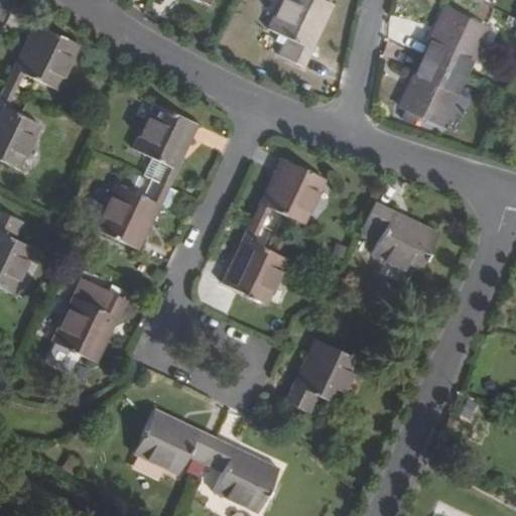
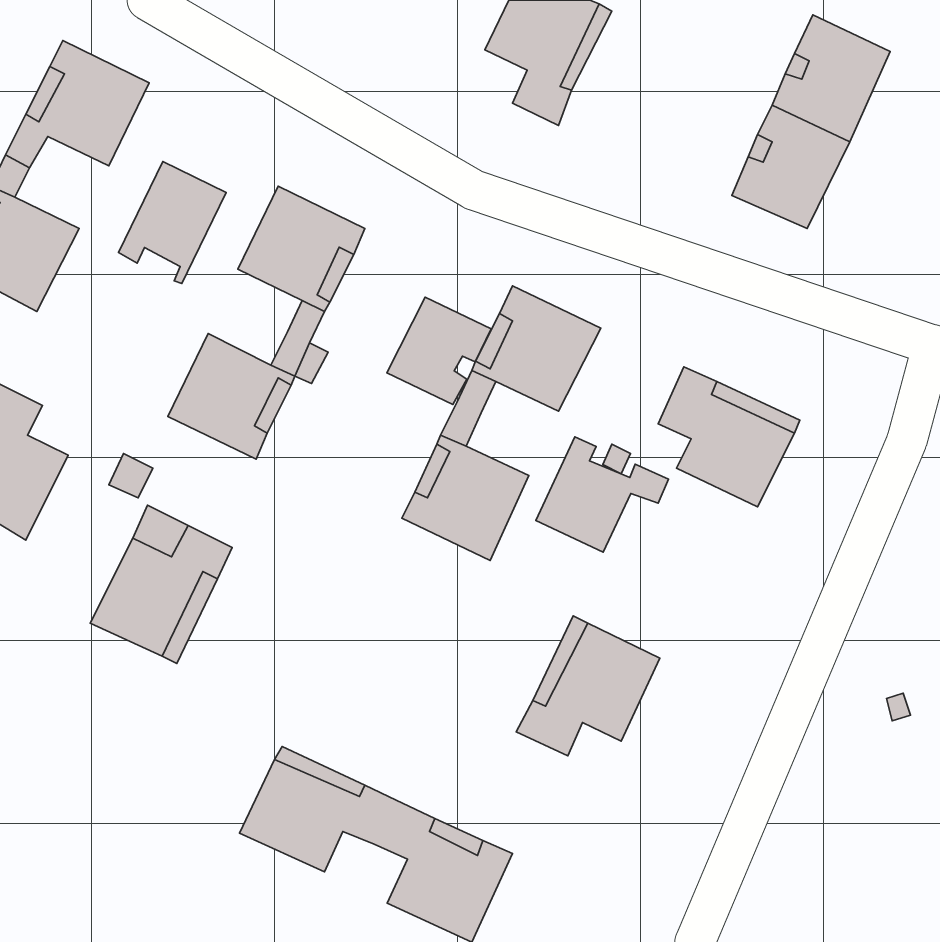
building: none -> [118,162,226,283]
building: none -> [387,297,491,404]
building: none -> [536,437,668,552]

